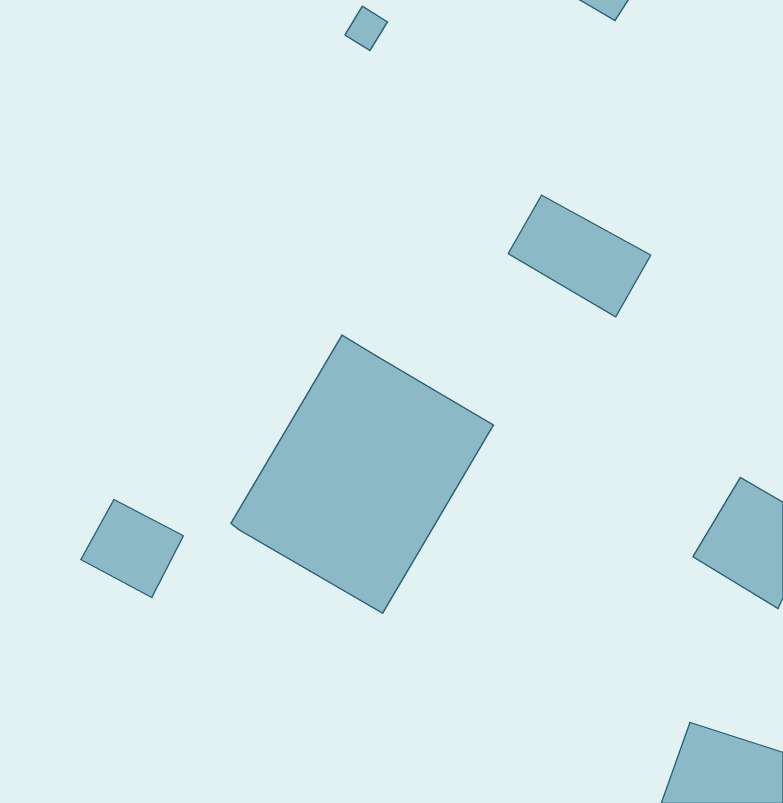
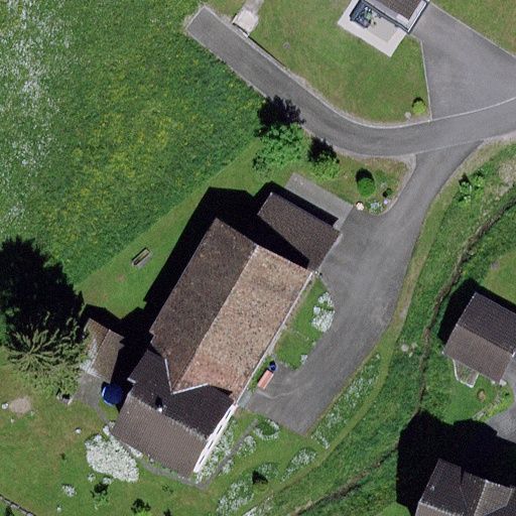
building: [508,195,651,317] -> [241,190,332,268]
building: none -> [114,338,252,481]

